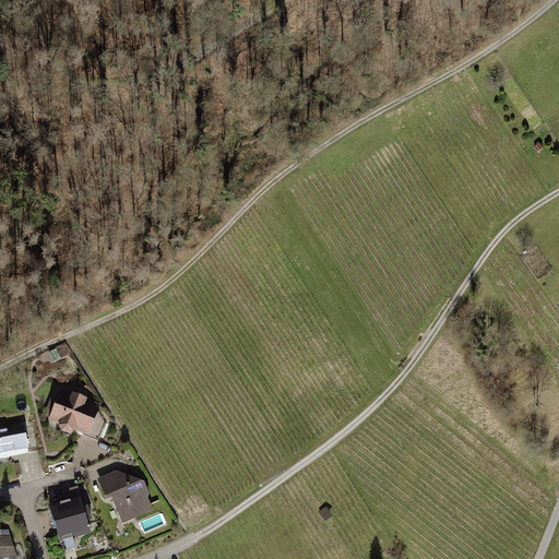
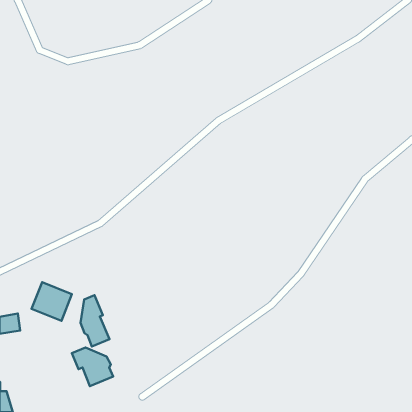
building: none -> [81,295,110,347]
building: [53,500,88,540] -> none

